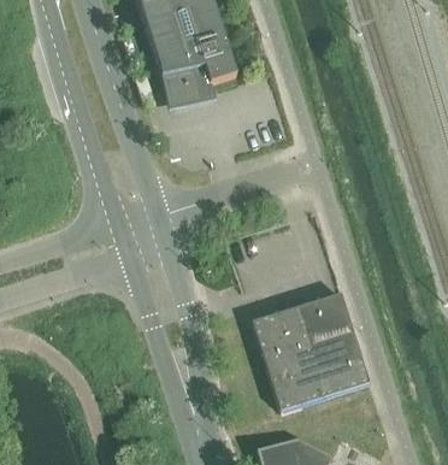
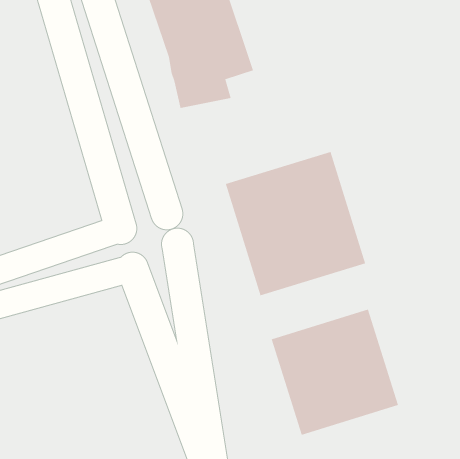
building: none -> [225,151,366,296]

